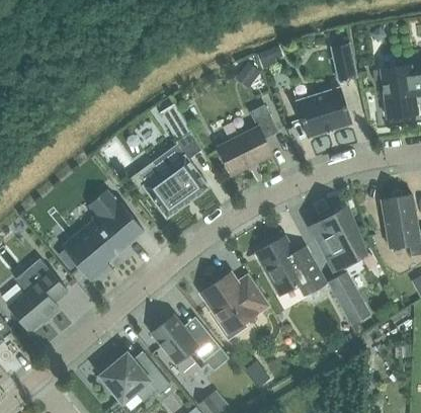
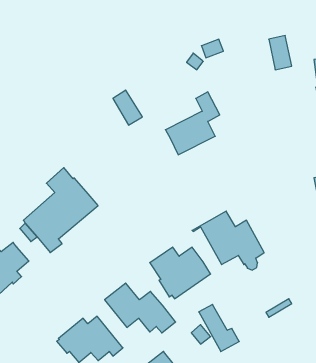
building: [296,87,351,137] -> none
building: [130,155,208,218] -> none
building: [314,212,360,267] -> none
building: [327,273,371,325] -> [199,304,239,352]

